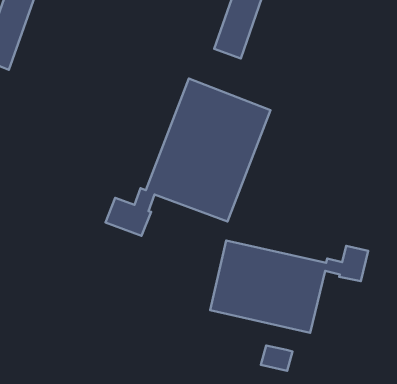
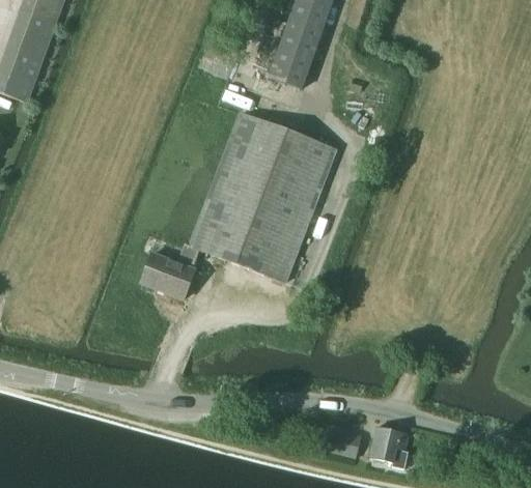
building: [210,240,368,333] -> none
building: none -> [370,426,409,468]

